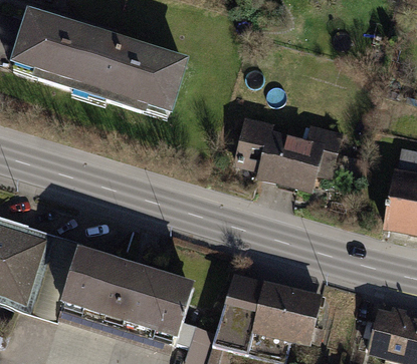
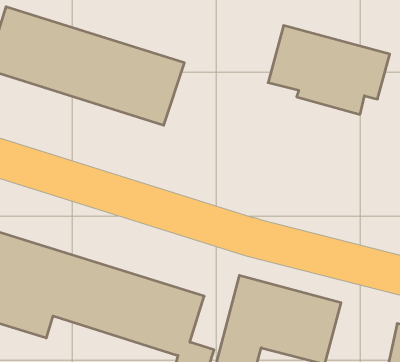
building: [231,112,343,194] -> [268,26,390,114]

